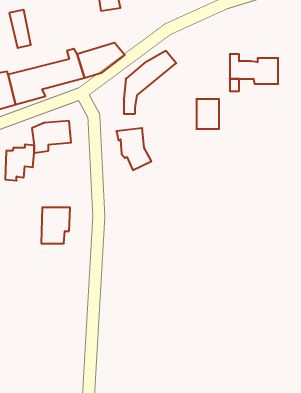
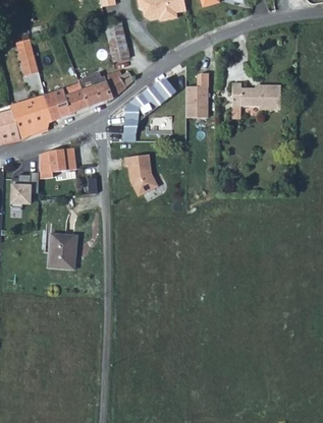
building: none -> [106,36,130,61]
building: [196,99,219,129] -> [185,86,208,116]

